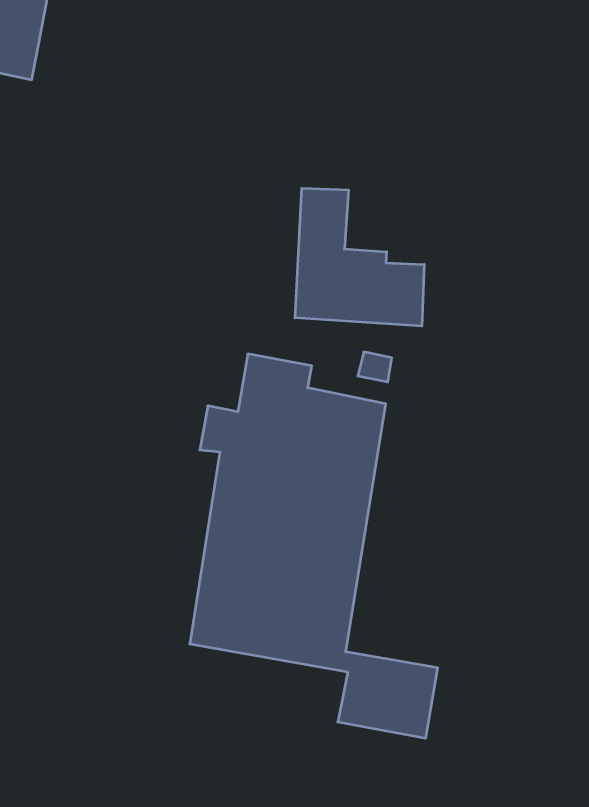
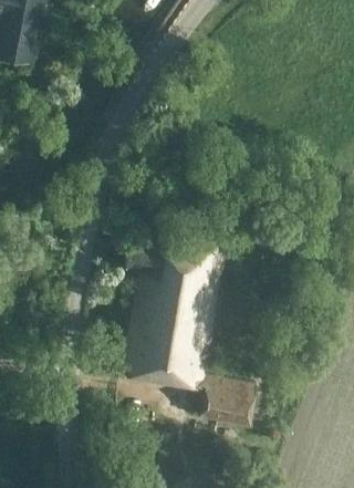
building: [295,188,424,326] -> none

